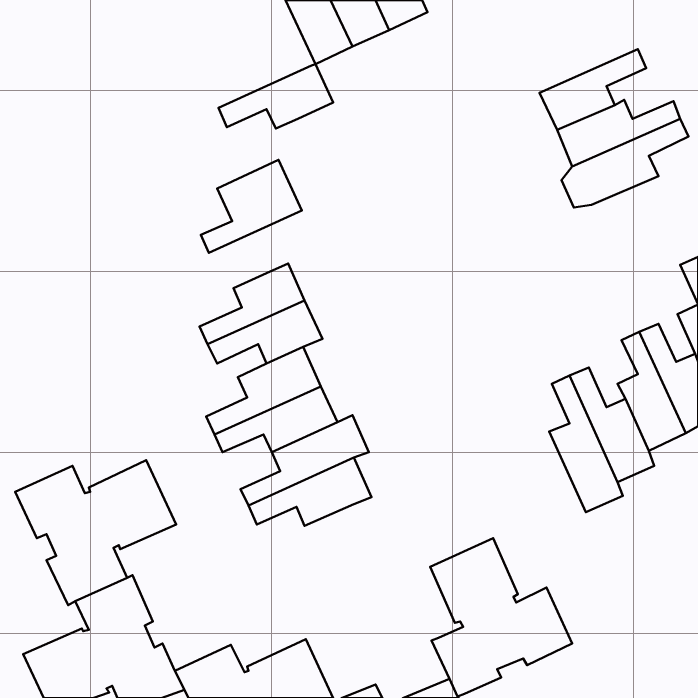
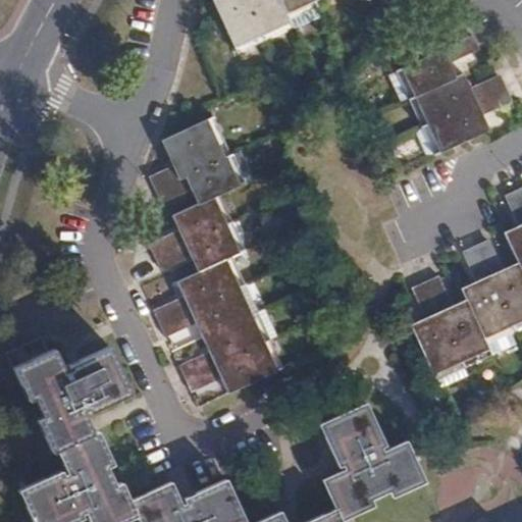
building: [219,64,333,128] -> [156,156,242,204]

